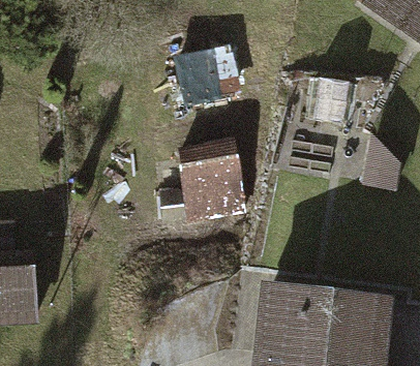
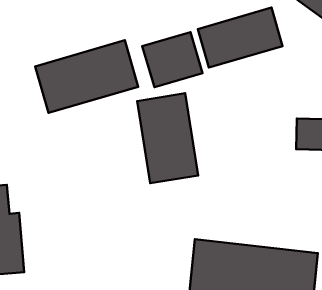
building: none -> [198,8,283,68]
building: none -> [35,40,138,113]

